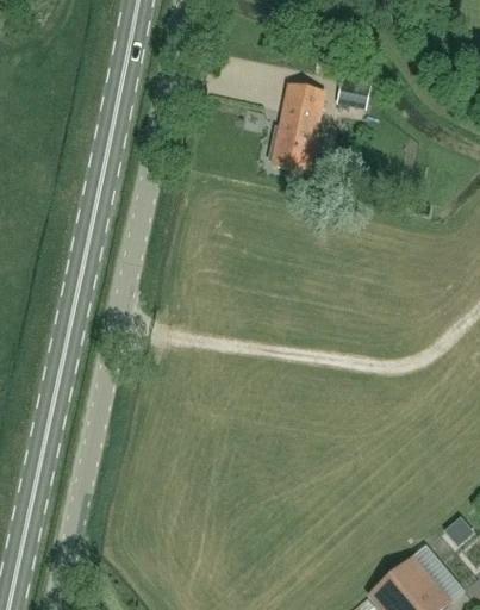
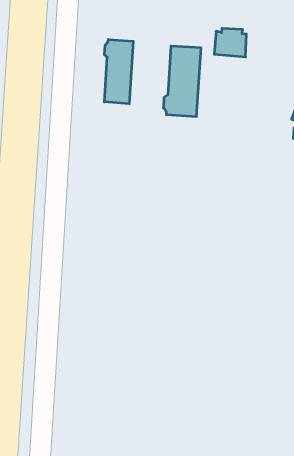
building: none -> [104,39,133,104]

